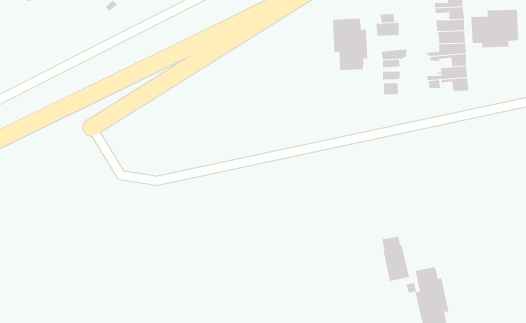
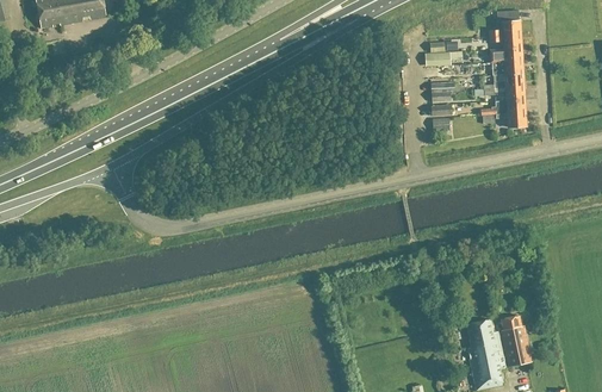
building: [471,9,519,48] -> none
building: [332,18,368,71] -> none
building: [381,236,410,282] -> [501,316,532,366]

